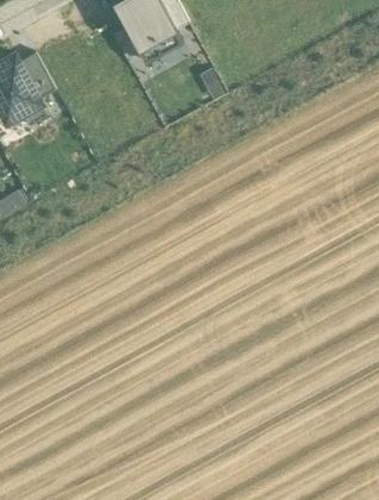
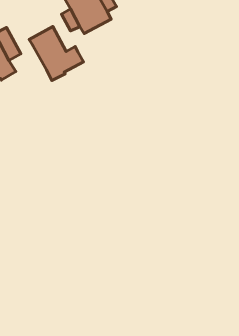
building: none -> [29,27,84,81]

